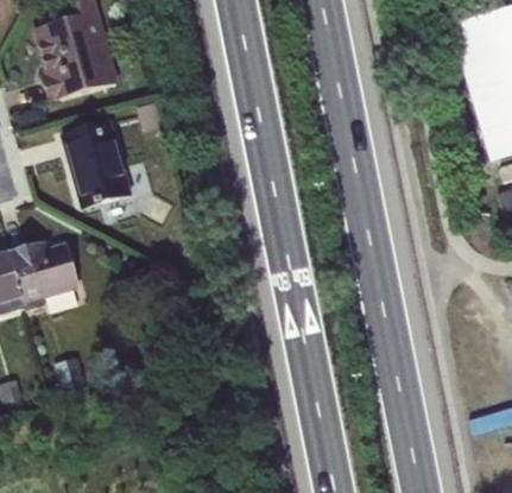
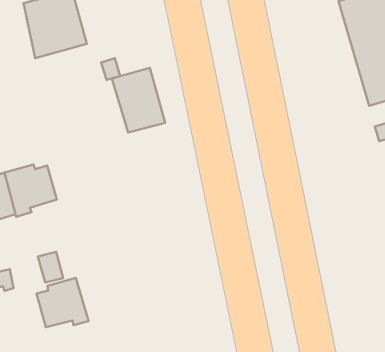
building: [62,119,132,204] -> [112,68,165,133]
building: none -> [37,278,89,327]

